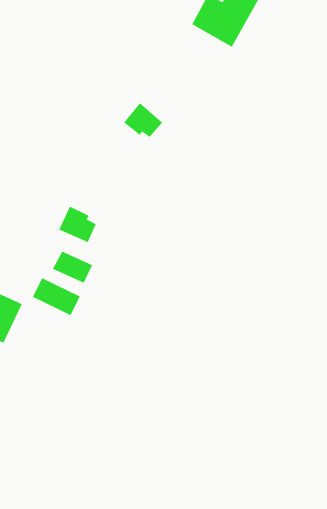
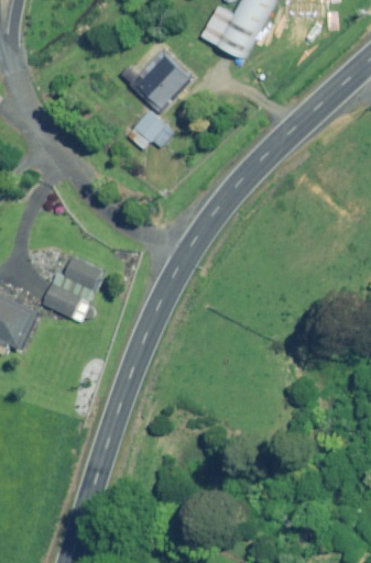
building: none -> [128,48,194,114]
building: [58,206,97,243] -> none

